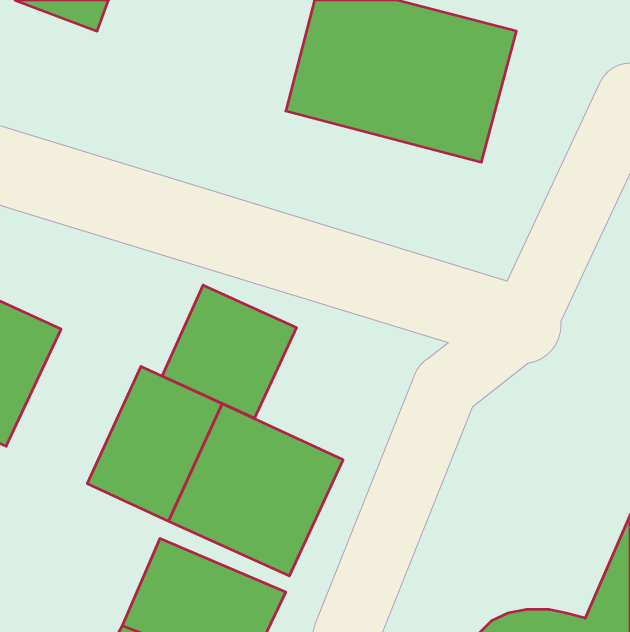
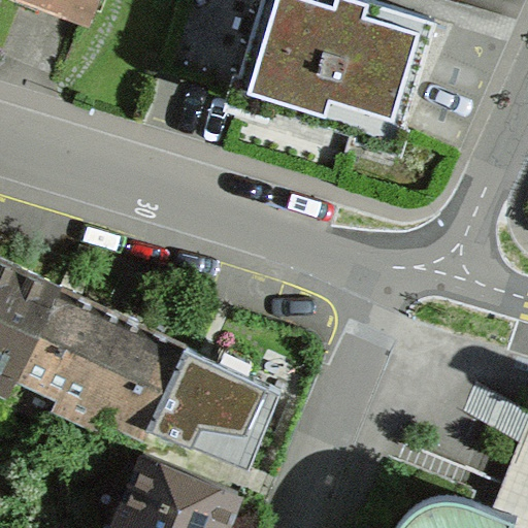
building: [162,285,296,418] -> none
building: none -> [5,276,117,404]

